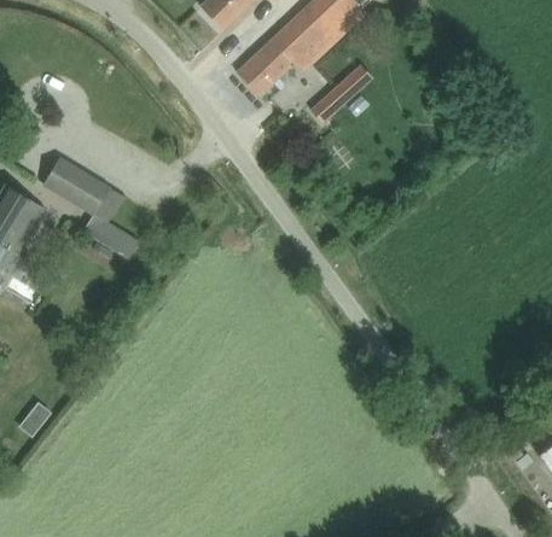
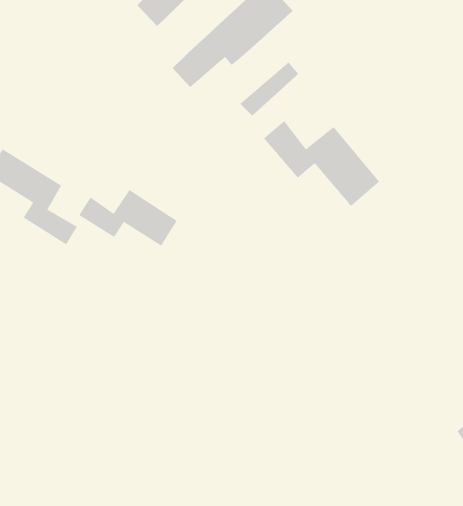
building: none -> [263,120,380,207]
building: none -> [79,189,177,247]

